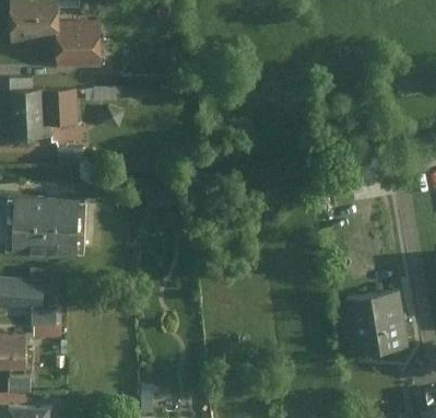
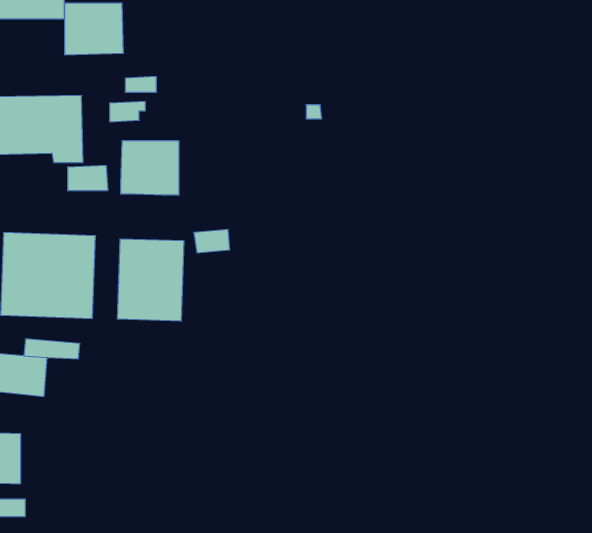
building: none -> [121,141,179,195]
building: none -> [118,239,184,321]
building: [342,293,405,356] -> none
building: [36,309,63,336] -> none

